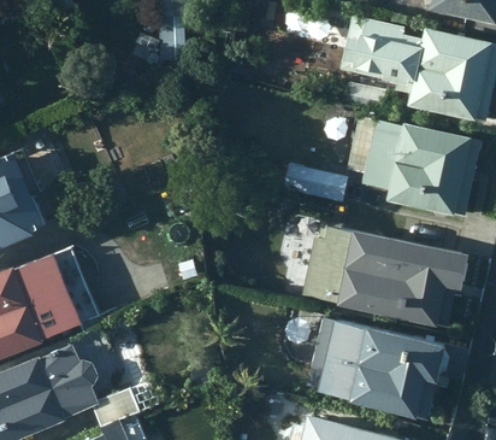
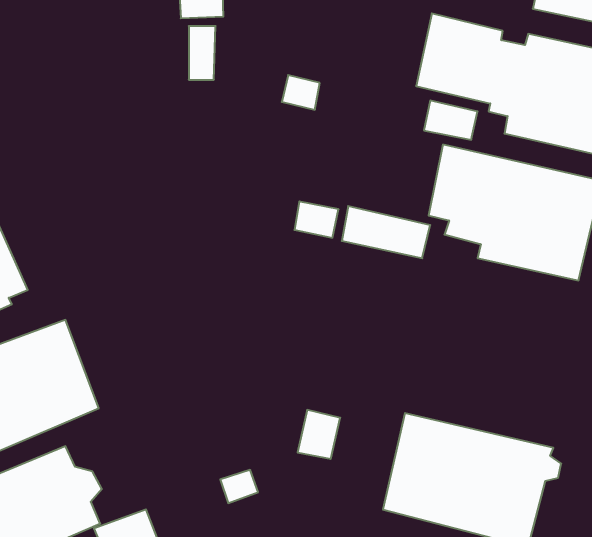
building: [302,216,466,325] -> none

